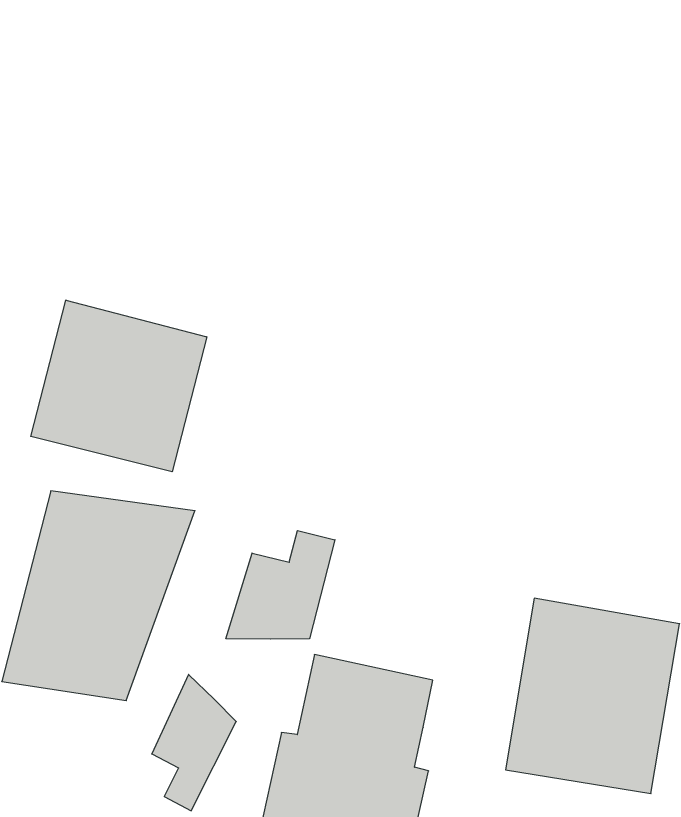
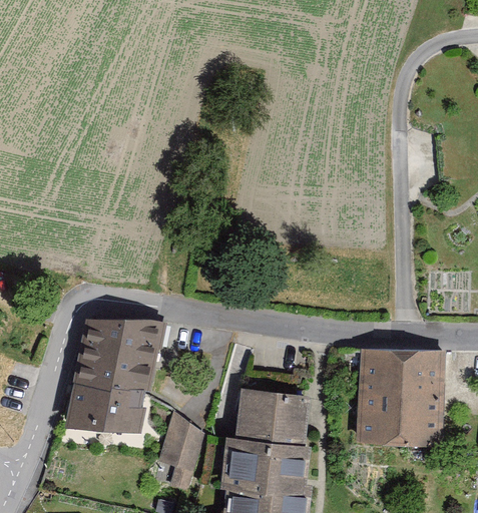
building: [31,300,207,472] -> none
building: [226,531,335,639] -> none

